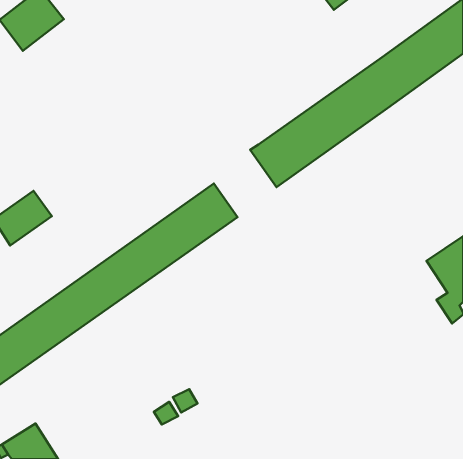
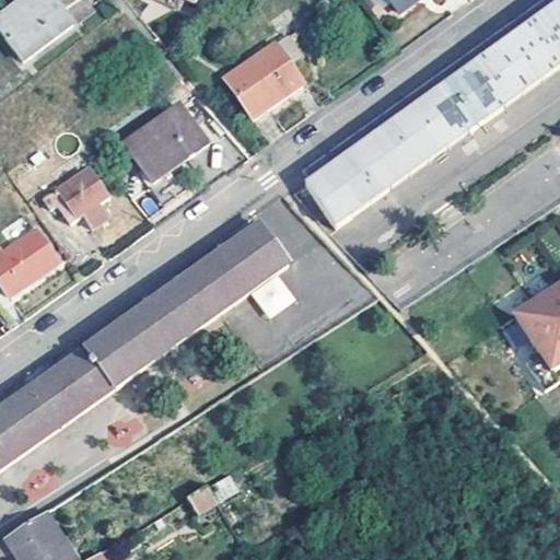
building: none -> [229,35,306,118]
building: none -> [128,103,212,183]
building: none -> [54,167,114,228]

